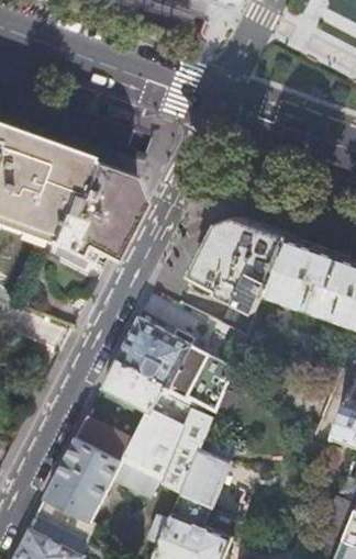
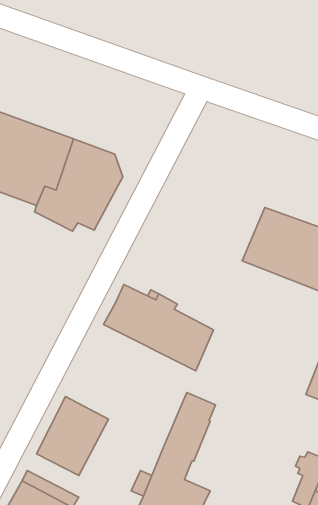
building: [190,221,287,314] -> none
building: [74,364,213,495] -> none

